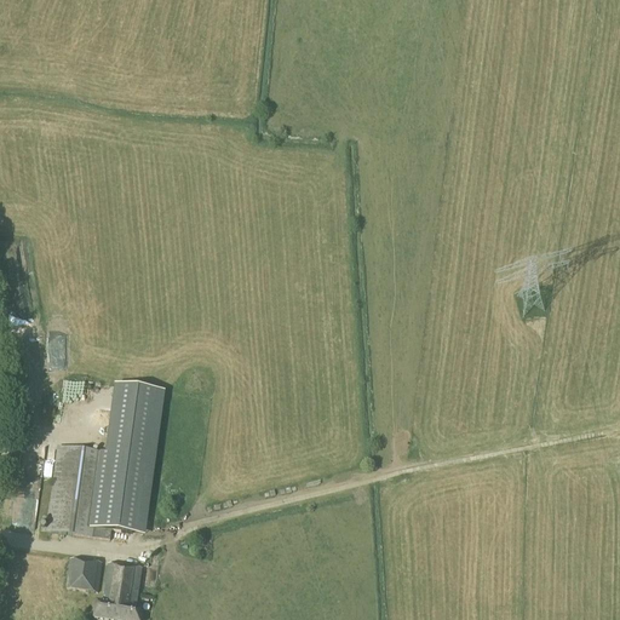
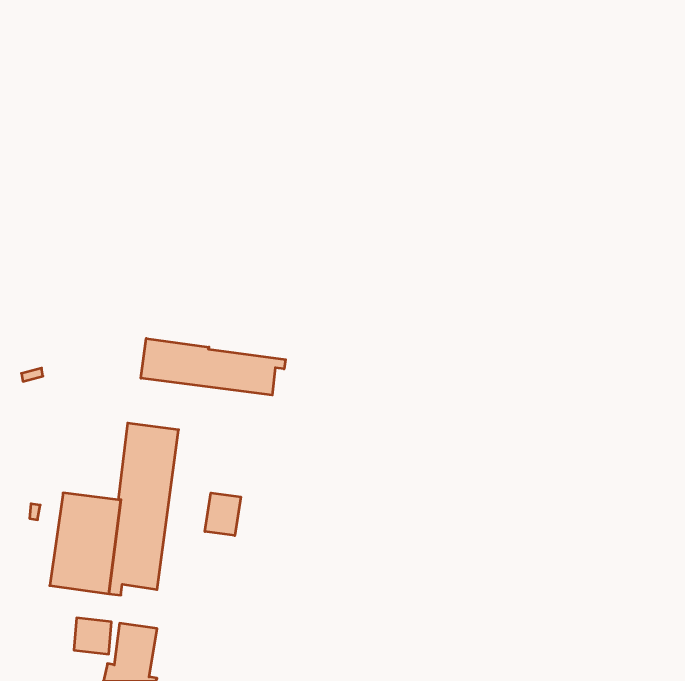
building: none -> [141,338,286,395]
building: none -> [205,493,241,536]

